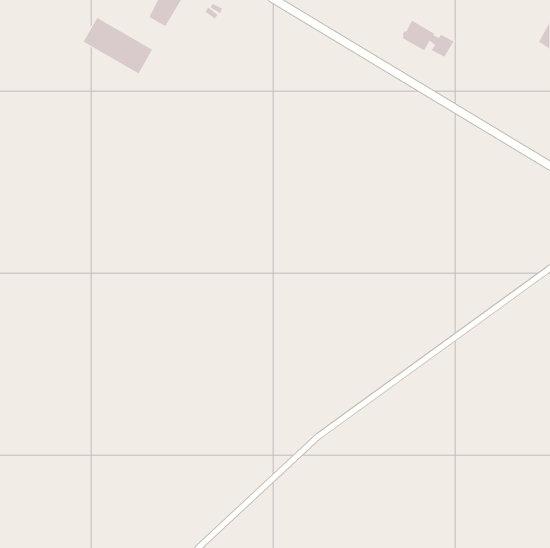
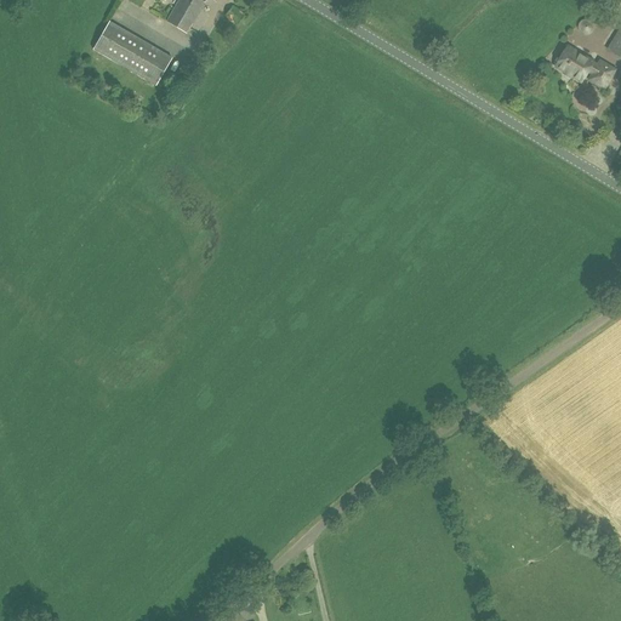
building: [402,20,455,58] -> [556,44,615,86]

